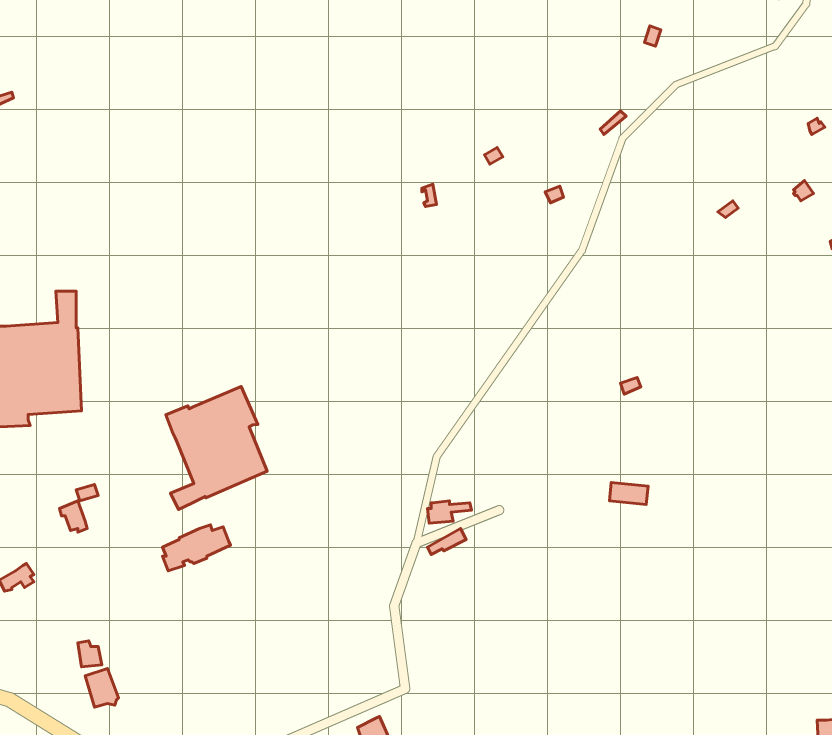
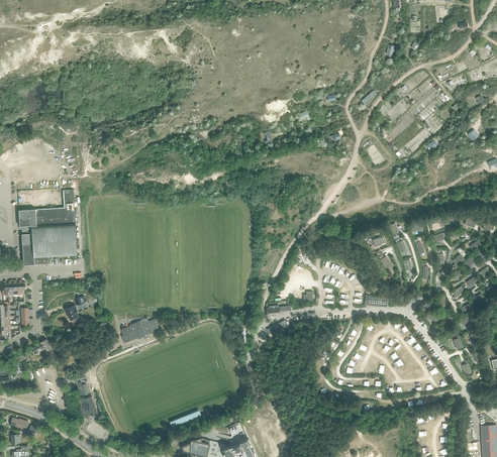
building: [166,387,267,510] -> none

